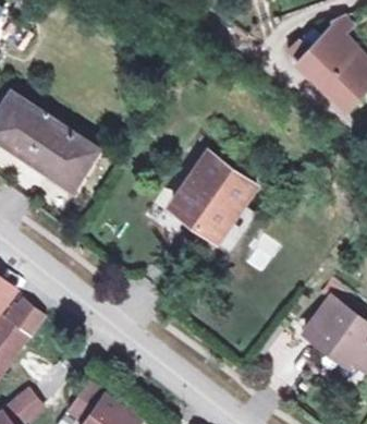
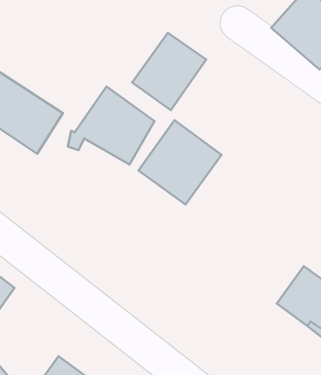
building: none -> [132,33,206,110]
building: none -> [68,87,155,165]

